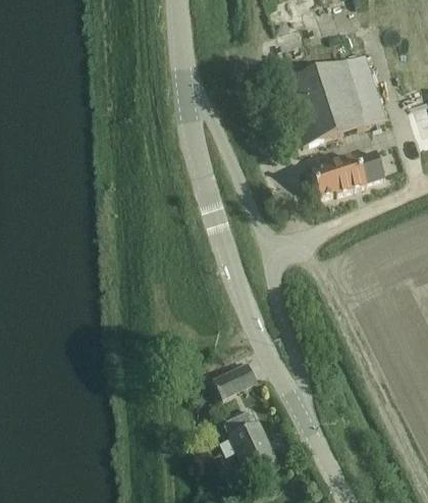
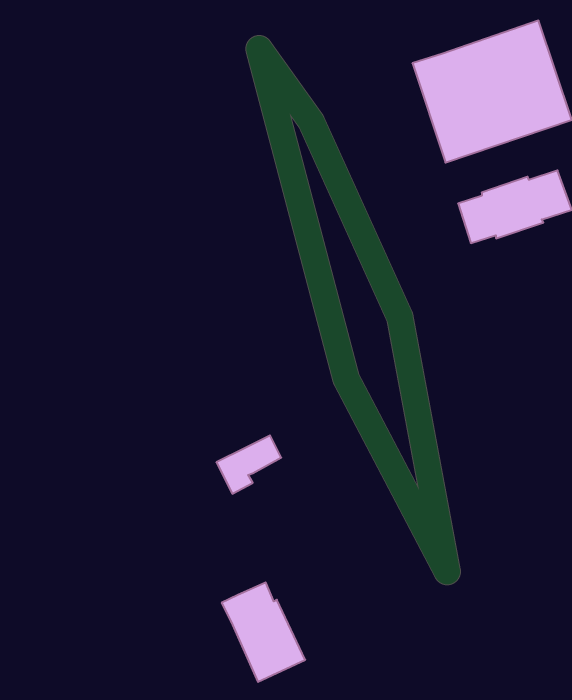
building: [213,362,255,400] -> [216,435,281,494]
building: [223,409,277,473] -> [222,582,305,682]

